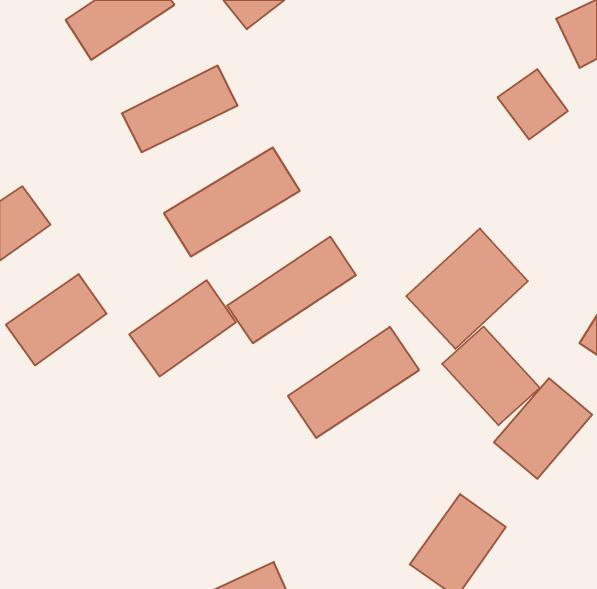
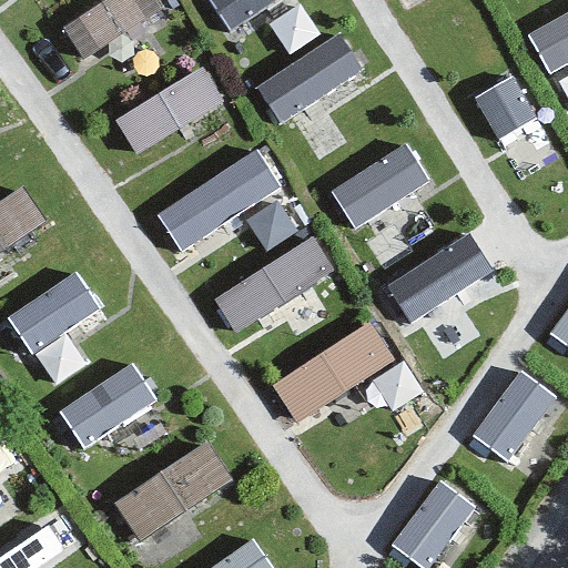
building: none -> [254,33,366,125]
building: none -> [329,143,433,226]
building: [129,280,236,376] -> [58,359,159,450]
building: [442,327,540,425] -> none
building: none -> [112,443,233,539]

